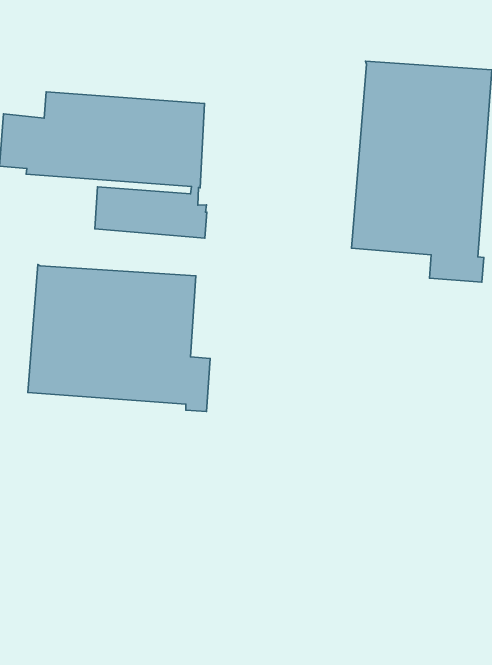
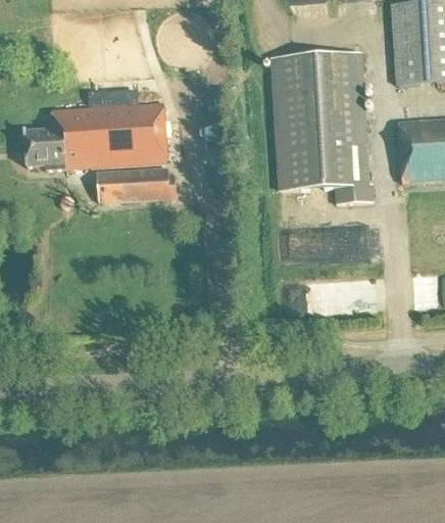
building: [28,264,210,412] -> none

